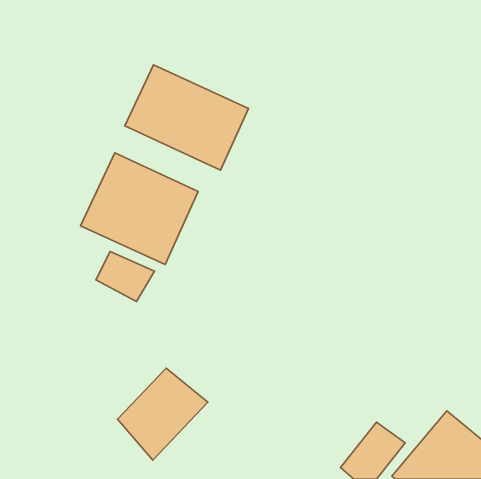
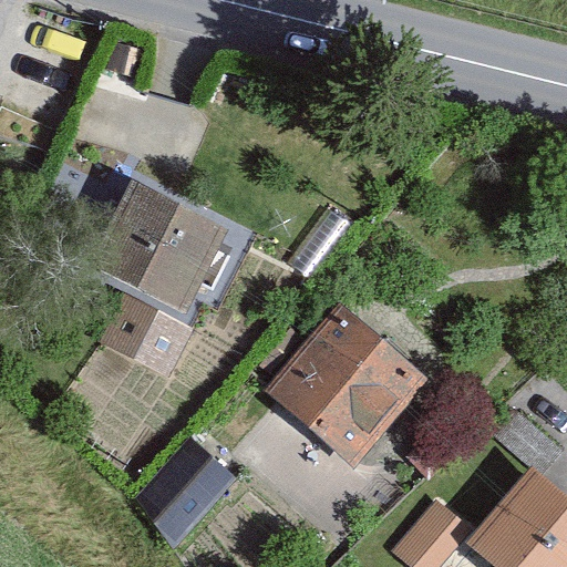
building: [125,65,248,170] -> none
building: none -> [258,315,421,476]

